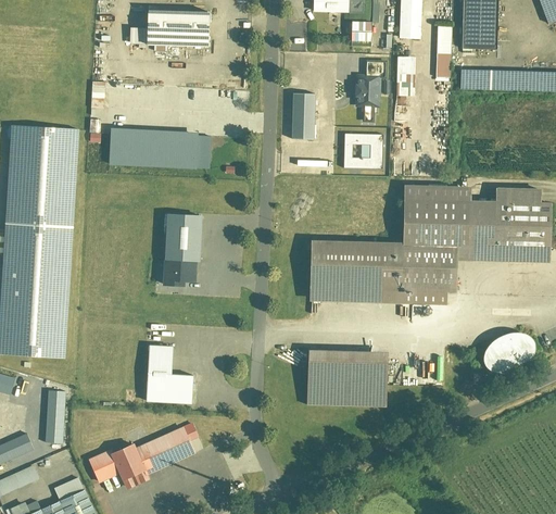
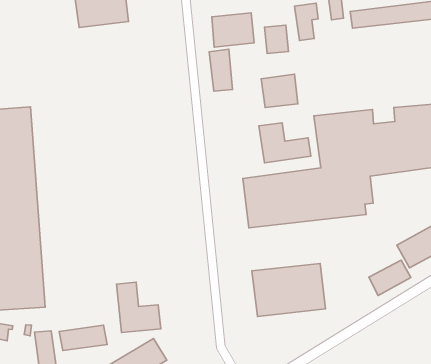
building: none -> [212,13,254,47]
building: [109,127,201,168] -> none
building: none -> [259,123,311,163]
building: [162,212,203,288] -> none
building: none -> [369,260,411,295]
building: none -> [59,325,107,351]

